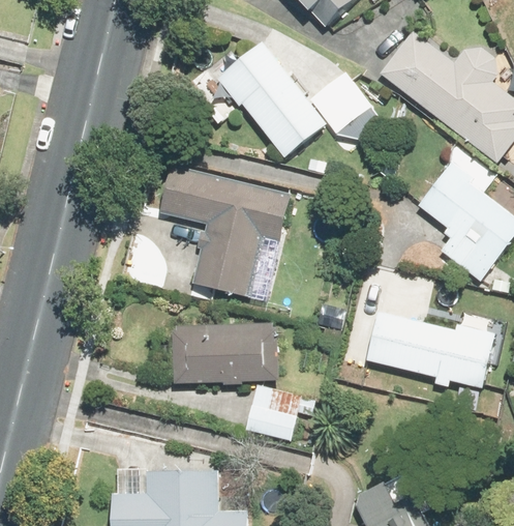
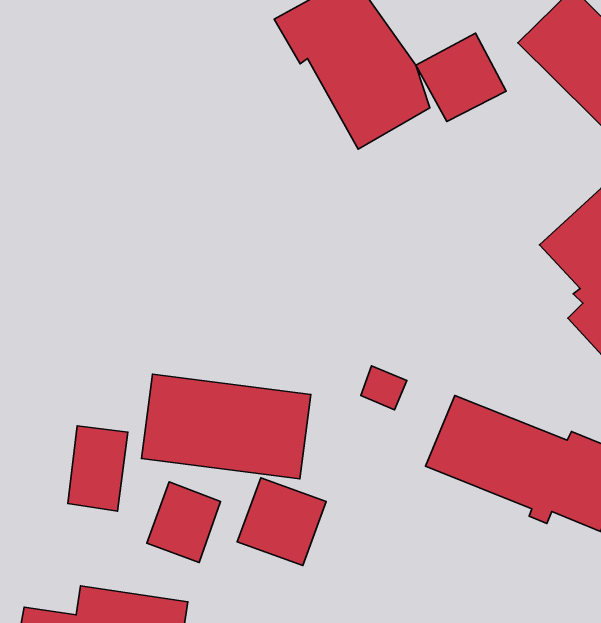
building: [156,165,290,298] -> none
building: none -> [68,426,128,511]
building: none -> [147,482,221,562]

